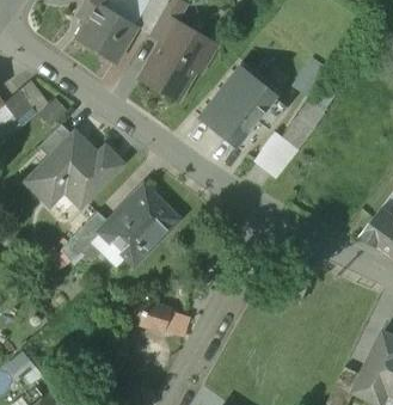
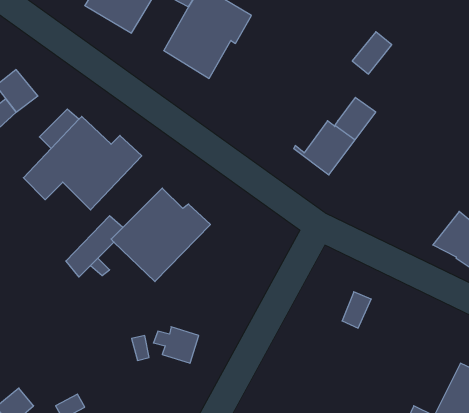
building: [201,62,287,148] -> none

